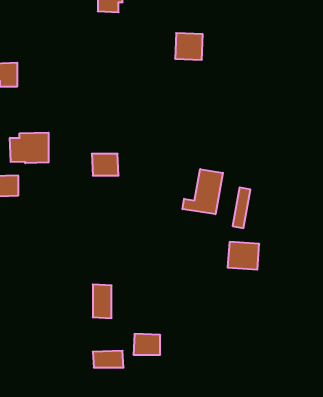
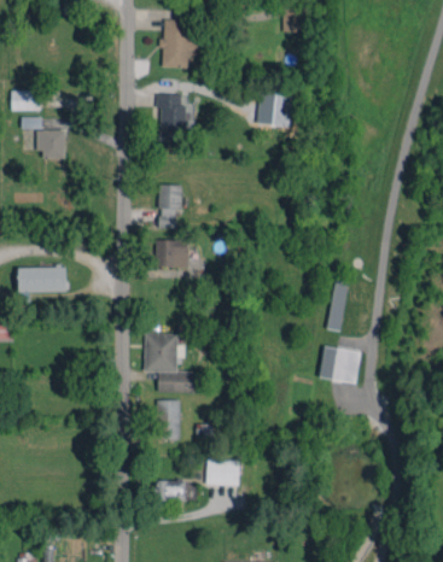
building: none -> [156,94,186,141]
building: none -> [159,185,180,228]
building: [10,133,49,163] -> none
building: [183,169,223,214] -> none
building: none -> [145,333,196,392]

